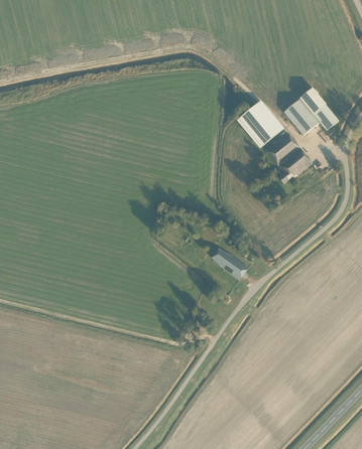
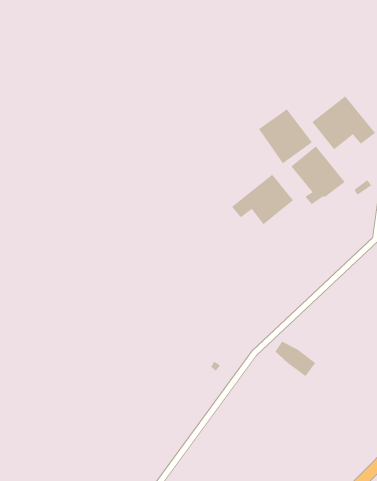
building: none -> [231,174,294,225]
building: [208,246,244,277] -> [274,341,316,377]

